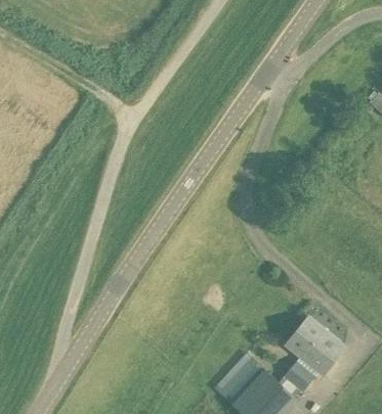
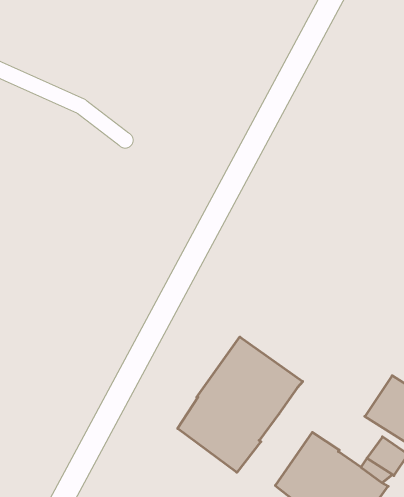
building: none -> [178,337,303,472]

